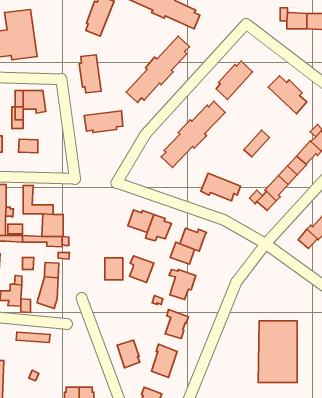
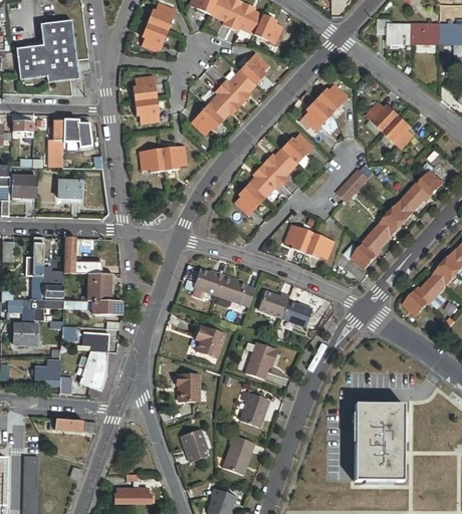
building: [170,242,194,264] -> [281,299,311,326]
building: [105,258,123,280] -> [177,373,199,401]

